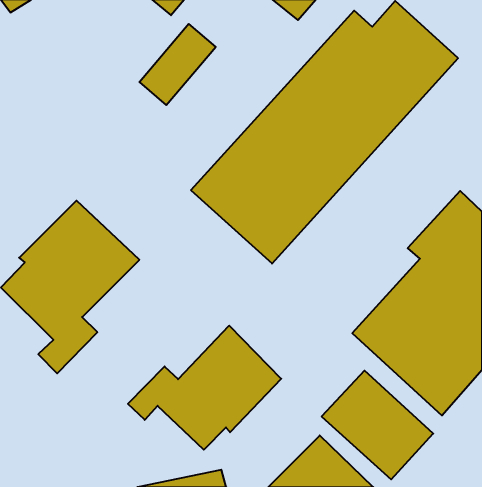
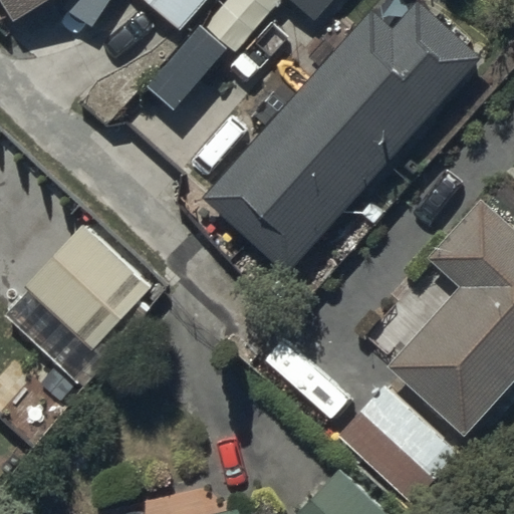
building: [128,326,281,450] -> none

